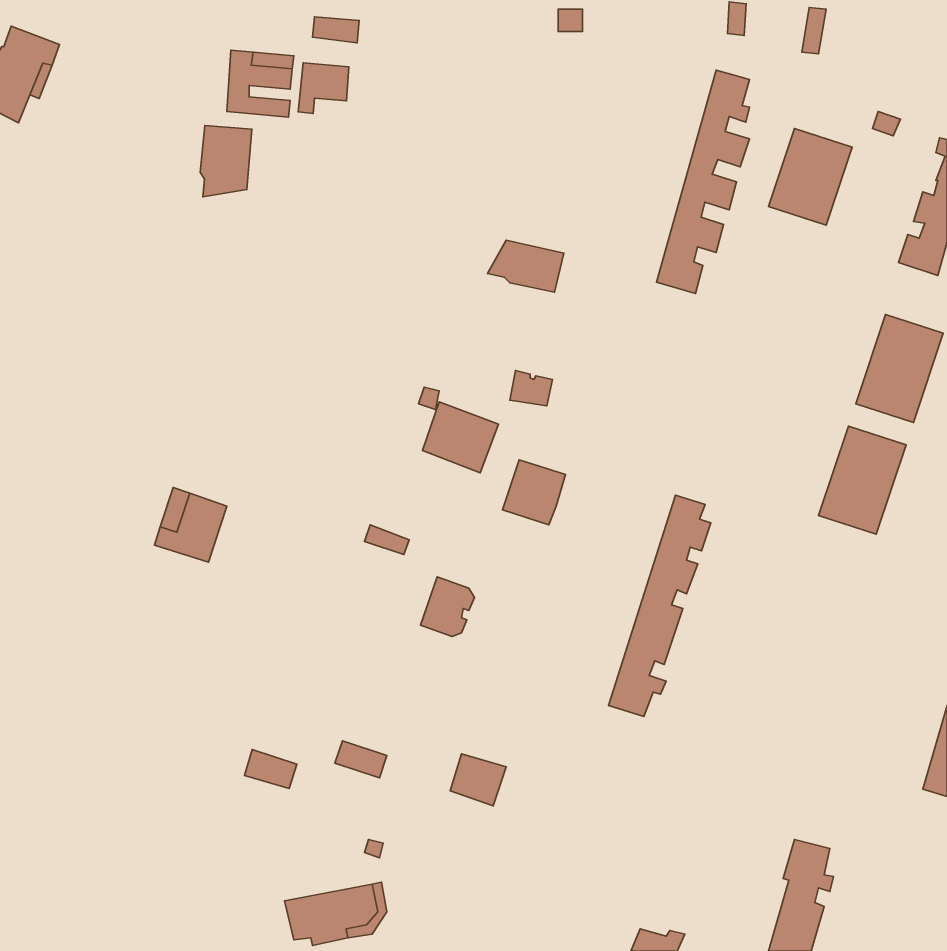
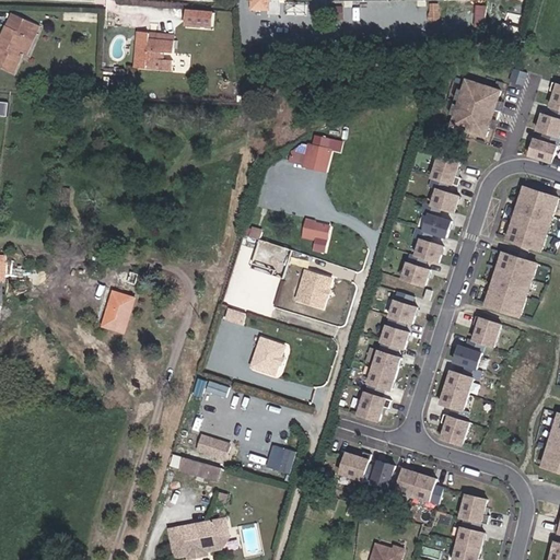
building: [298,63,349,114] -> none
building: [656,70,749,293] -> [402,153,457,284]
building: [200,126,252,197] -> none
building: none -> [441,316,502,445]
building: [245,749,297,789] -> [178,456,209,479]
building: none -> [341,452,445,504]

